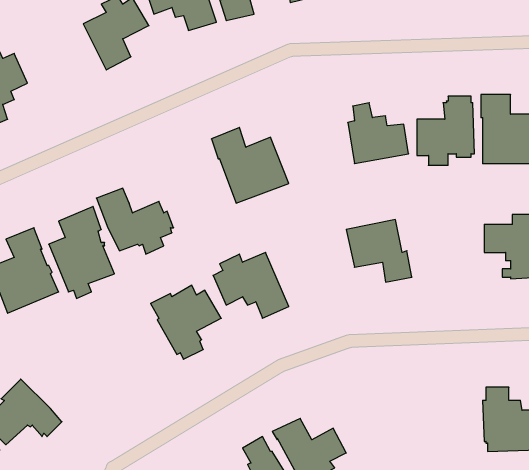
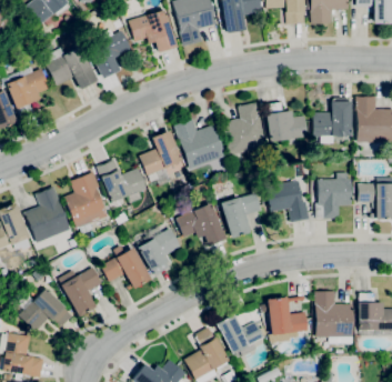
building: none -> [42,46,99,89]
building: none -> [223,102,268,154]
building: none -> [140,130,182,185]
building: none -> [313,172,352,219]
building: none -> [221,192,262,238]
building: none -> [101,245,151,290]
building: none -> [59,267,102,316]
building: none -> [315,291,354,343]
building: none -> [267,295,309,343]

